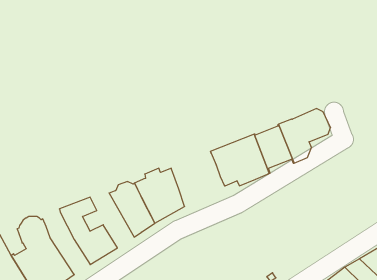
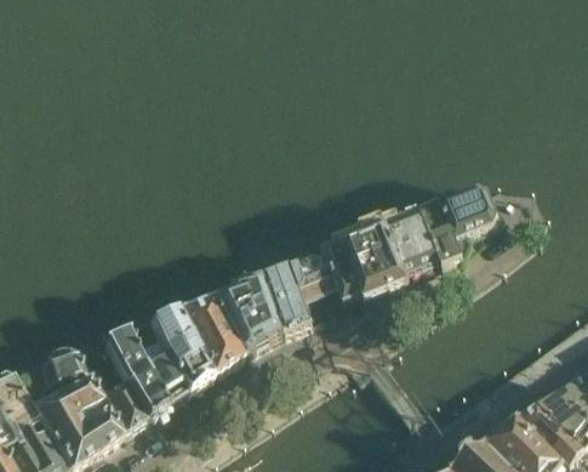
building: none -> [255,256,330,336]
building: none -> [142,308,204,394]
building: none -> [75,360,139,433]

